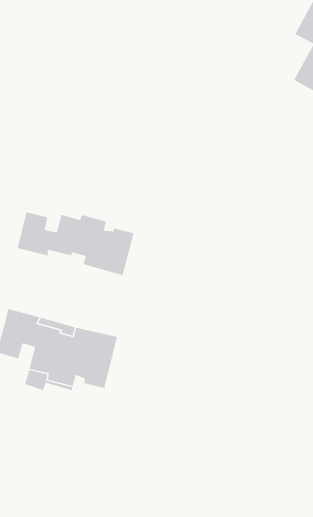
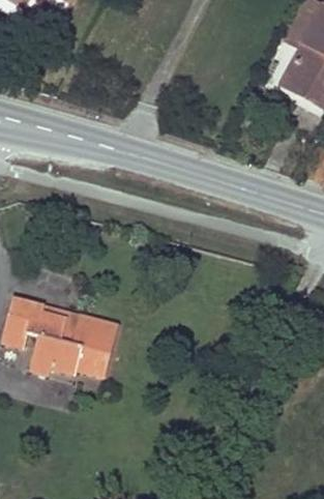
building: [17,211,135,276] -> none

